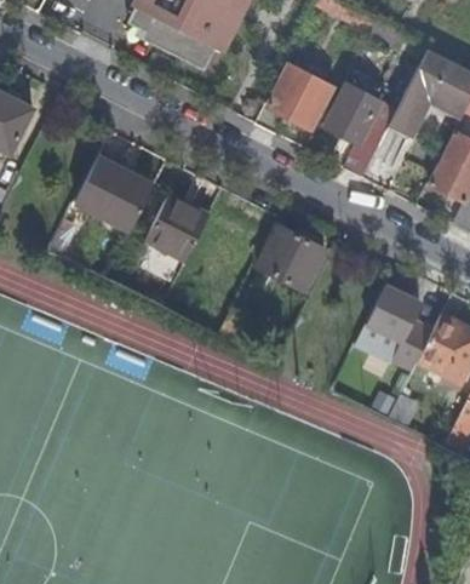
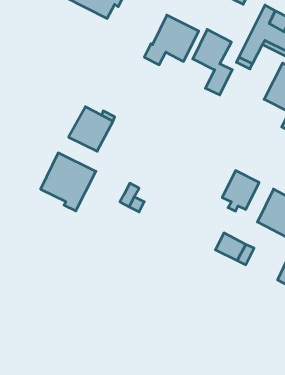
building: [79,148,159,231] -> [41,153,96,211]
building: [258,224,326,290] -> none

